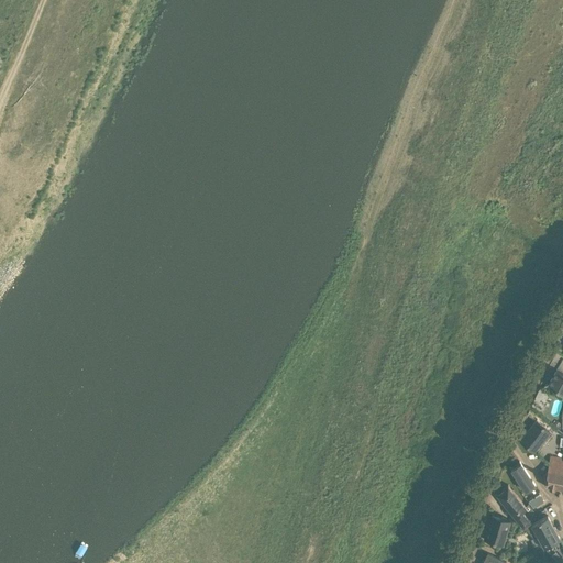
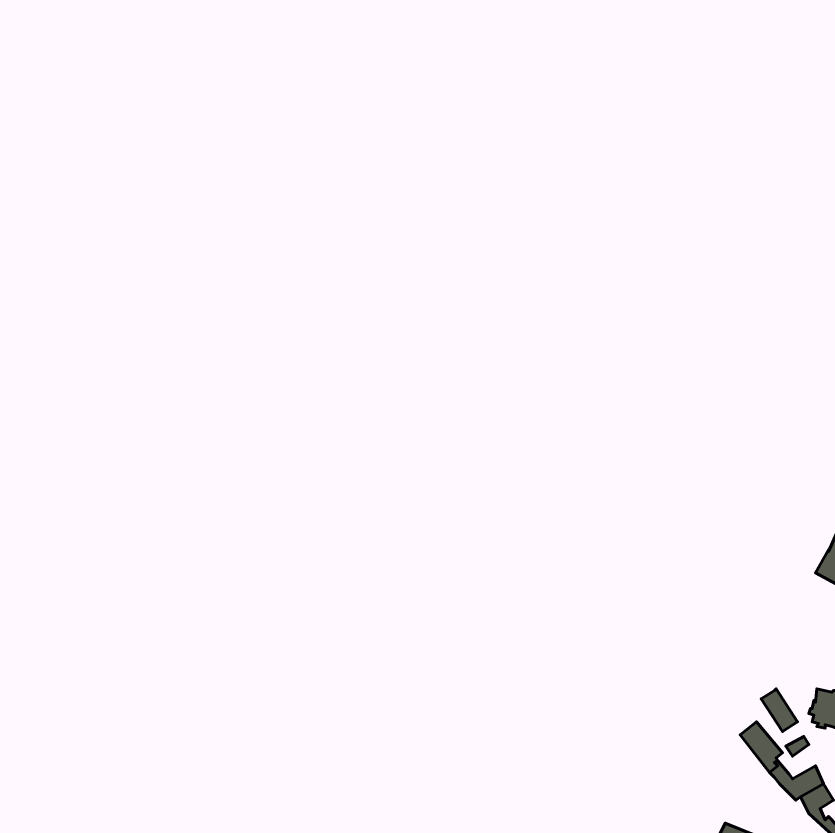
building: [521,422,553,455] -> none
building: [485,517,510,547] -> none

